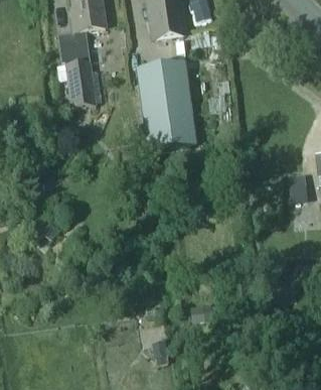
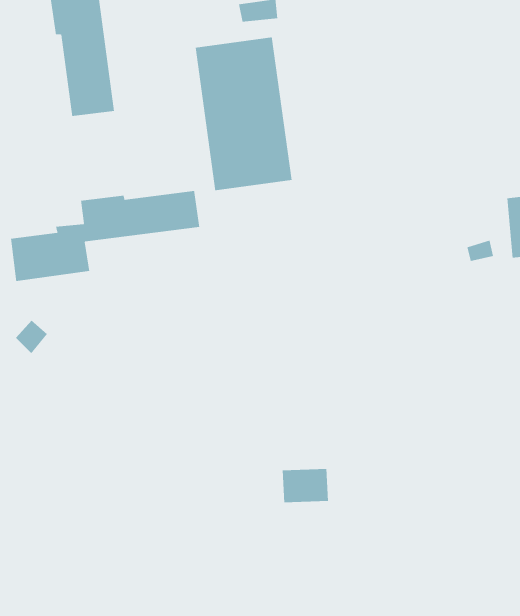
building: none -> [11,190,200,282]

